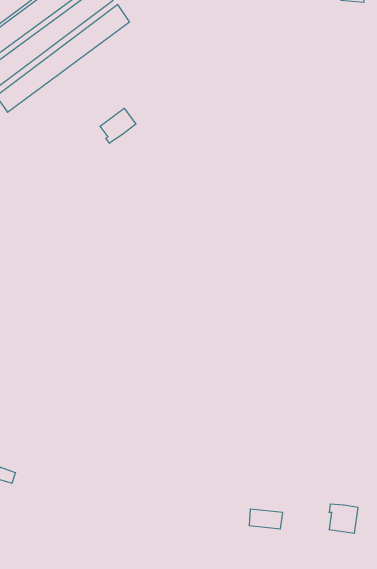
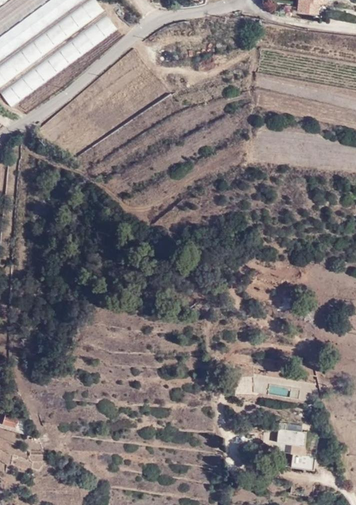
building: [100,108,136,143] -> none
building: [249,509,283,529] -> [275,429,304,446]

